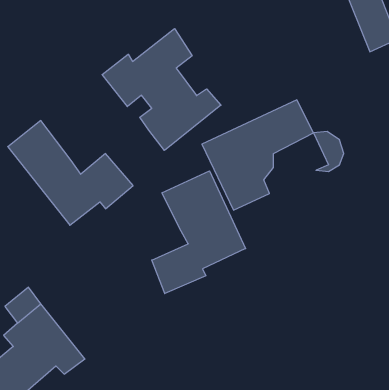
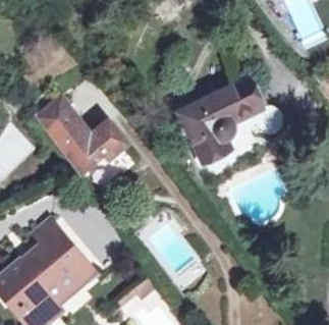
building: [102,29,221,150] -> none
building: [152,171,246,294] -> none

